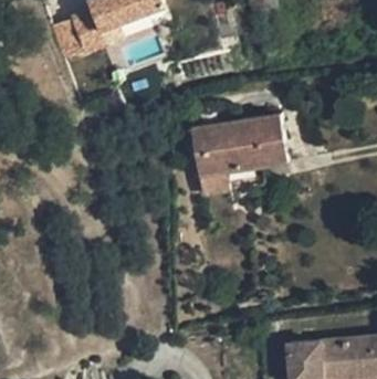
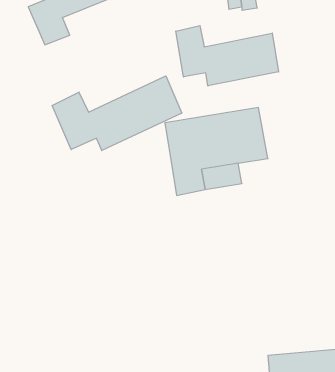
building: none -> [176,26,279,86]
building: none -> [52,76,182,151]

